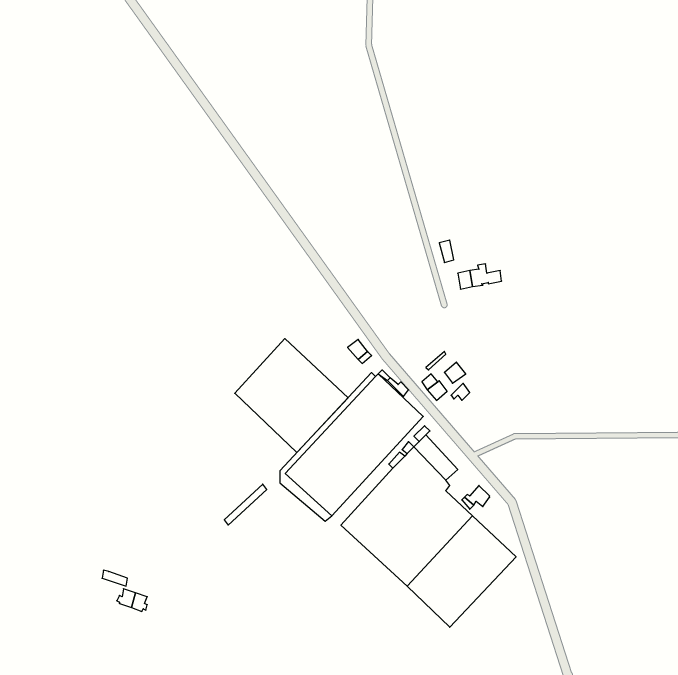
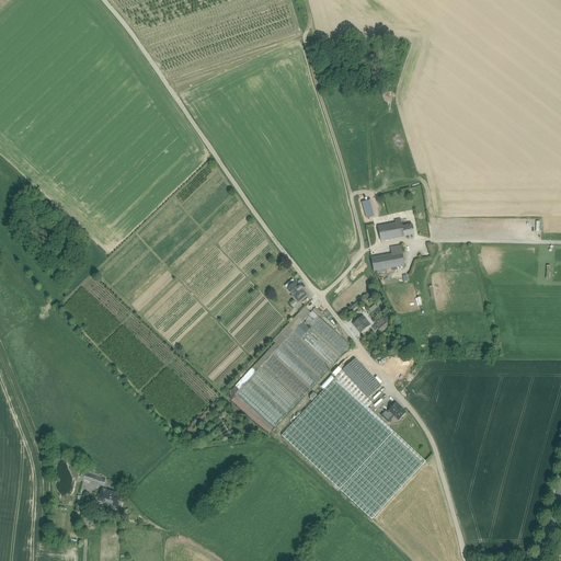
building: none -> [371,243,404,270]
building: [235,339,348,453] -> none

